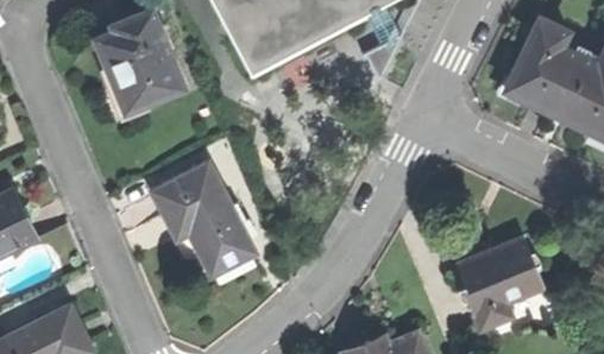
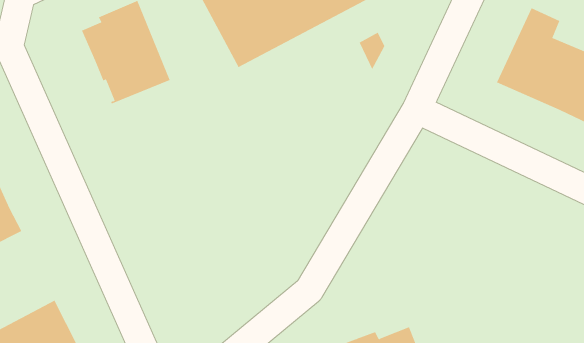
building: [152,163,254,274] -> none
building: [454,239,541,330] -> none

